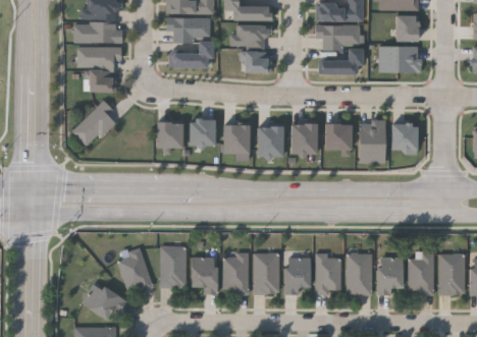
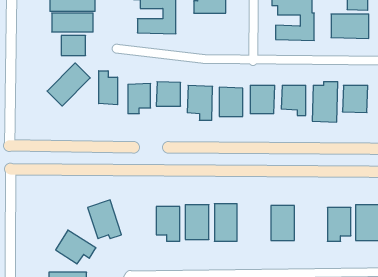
building: [243,51,270,72] -> none
building: none -> [99,71,117,105]
building: [161,245,186,287] -> none
building: [346,254,371,293] -> none
building: [283,257,309,294] -> none

